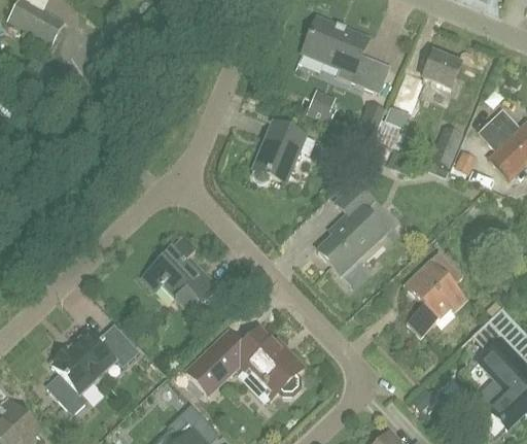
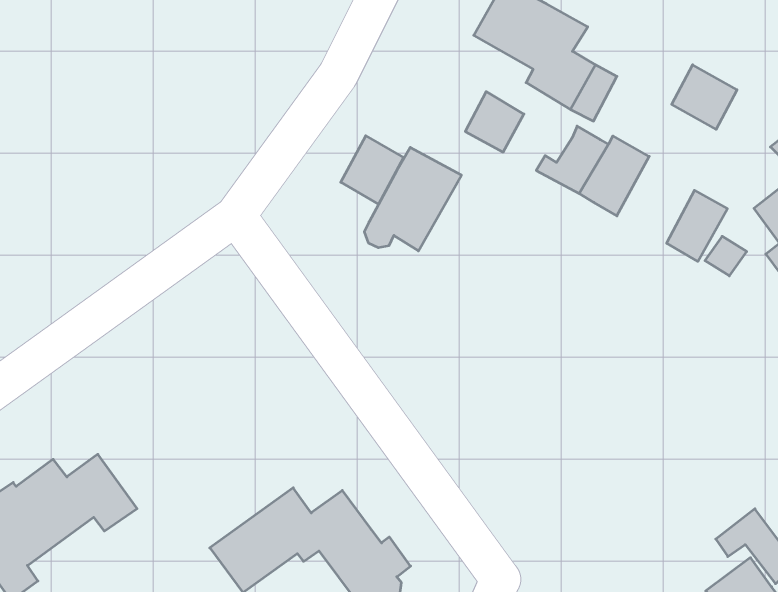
building: none -> [341,136,404,204]
building: [318,182,386,274] -> none
building: [139,237,218,313] -> none
building: [403,249,466,336] -> none

